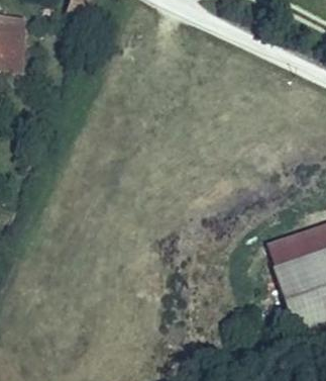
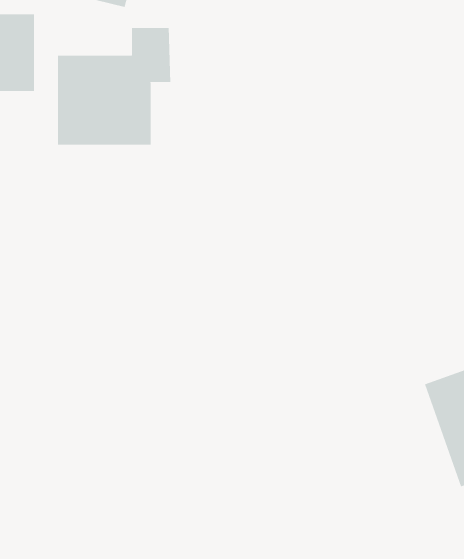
building: none -> [58,27,171,146]

